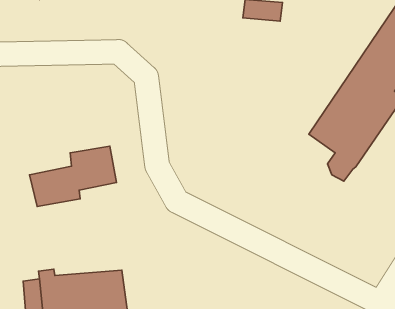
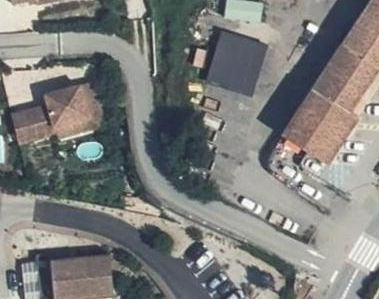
building: none -> [204,34,266,100]
building: [30,146,116,207] -> [15,83,94,138]

